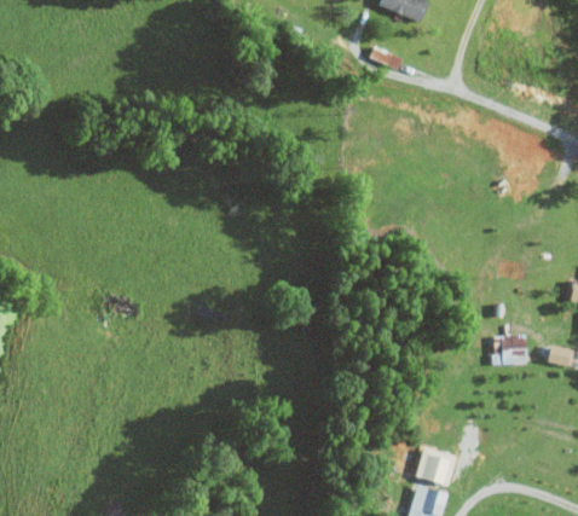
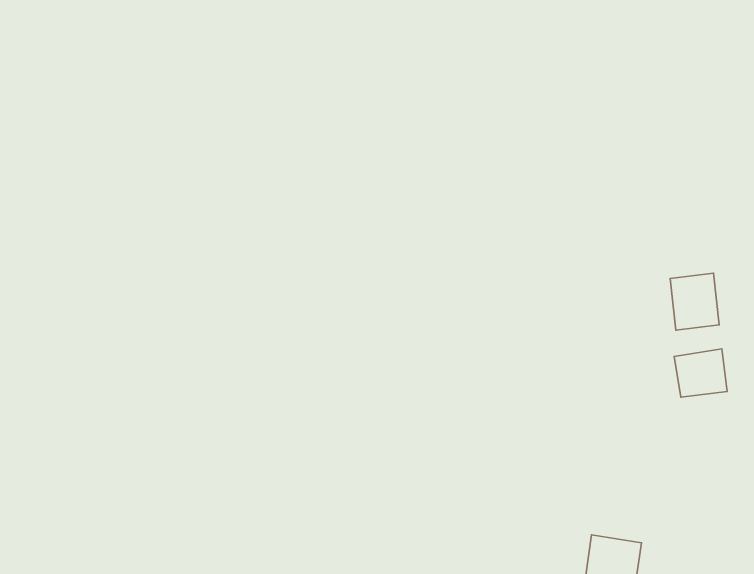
building: none -> [670,273,719,330]

